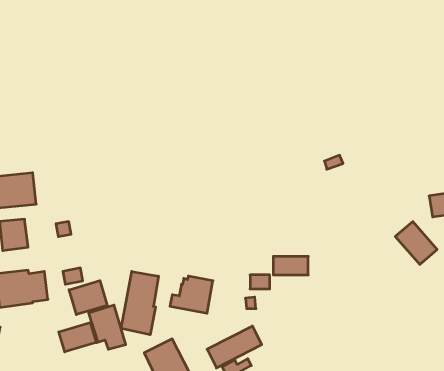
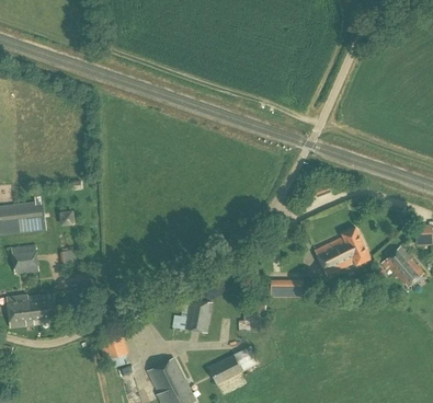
building: none -> [314,227,369,276]
building: [121,271,158,335] -> none
building: [69,281,107,315] -> none
building: [59,323,96,352] -> none

